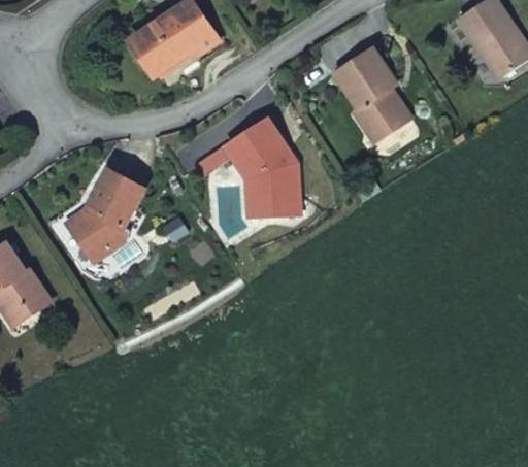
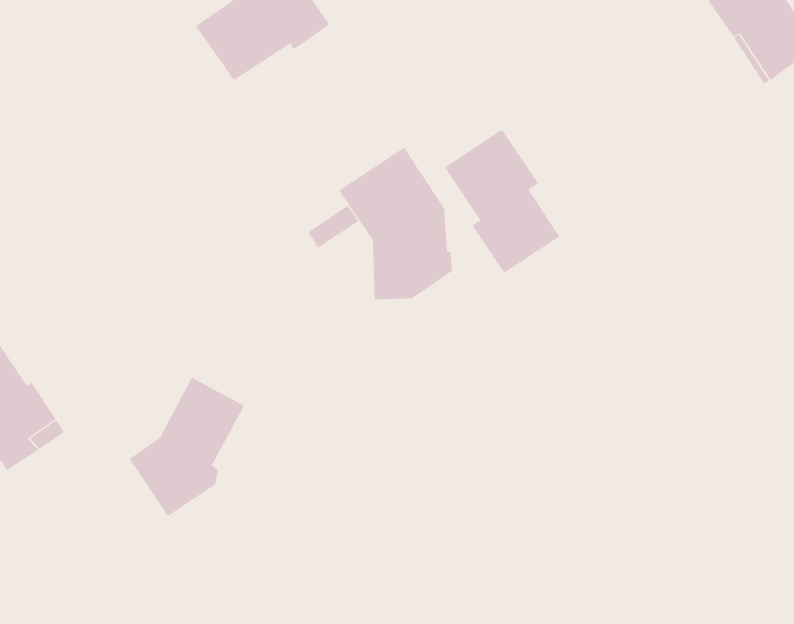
building: [335,47,409,140] -> [444,129,560,274]
building: [68,169,142,259] -> [129,377,245,517]

